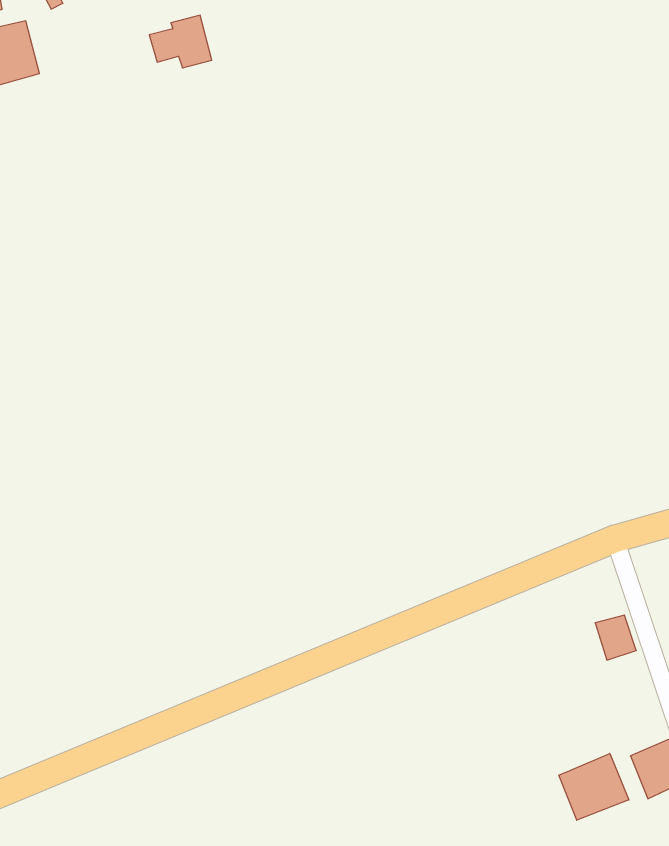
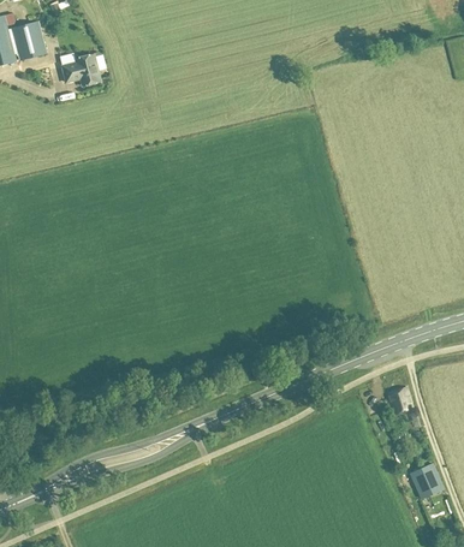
building: [149,15,212,68] -> [60,53,99,85]
building: [559,753,629,820] -> none

